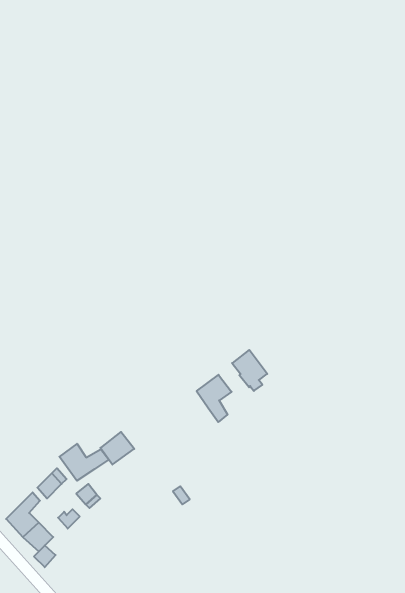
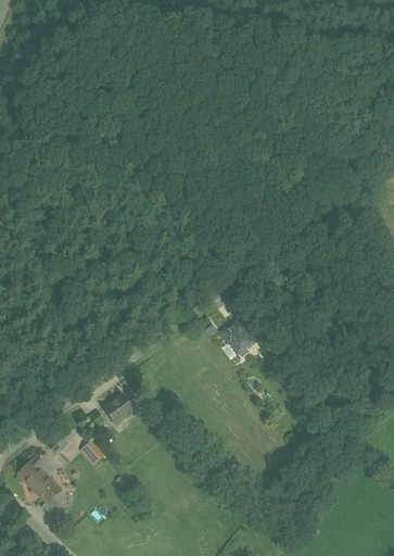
building: [197,375,232,422] -> none
building: [59,444,109,481] -> none

